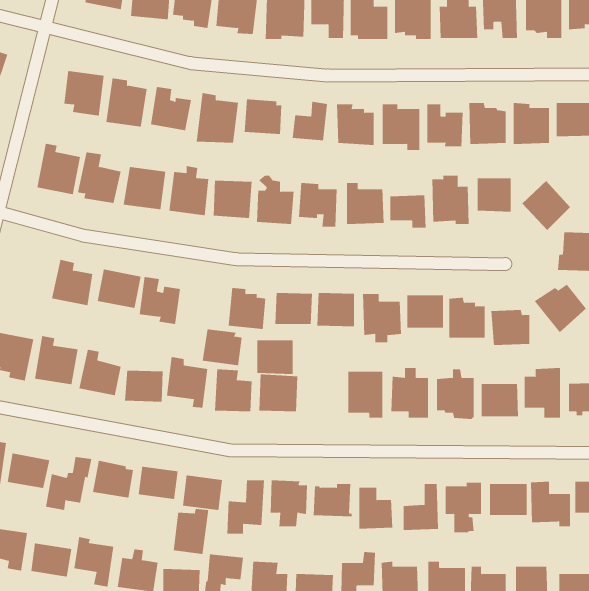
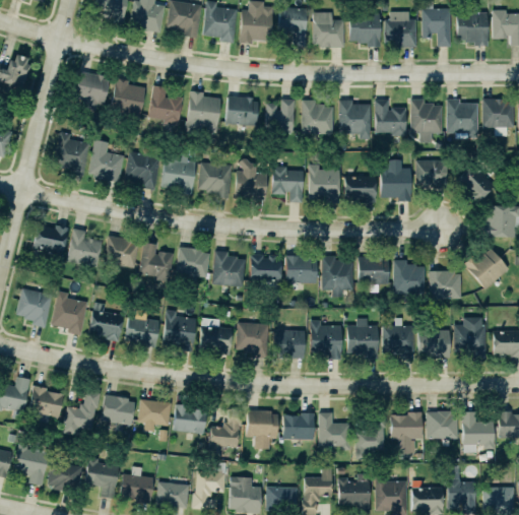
building: none -> [33,222,69,254]
building: [202,329,243,366] -> [175,246,208,276]
building: [256,340,293,374] -> [274,330,305,359]
building: [173,508,209,555] -> none

